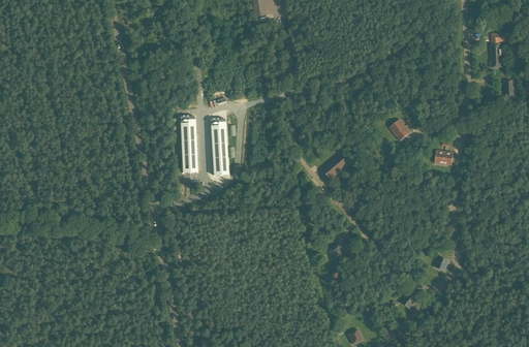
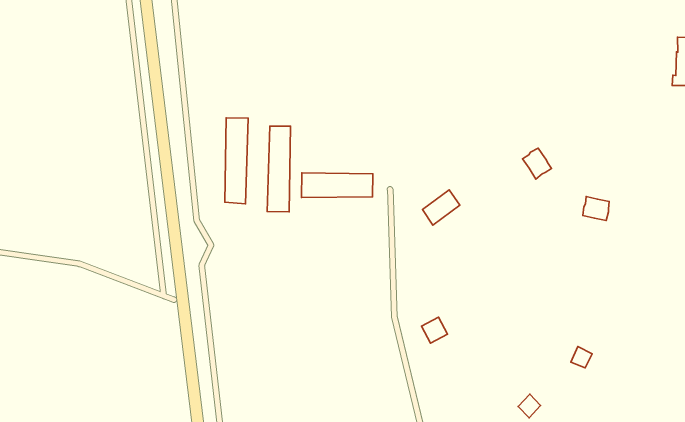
building: none -> [302,173,373,198]

